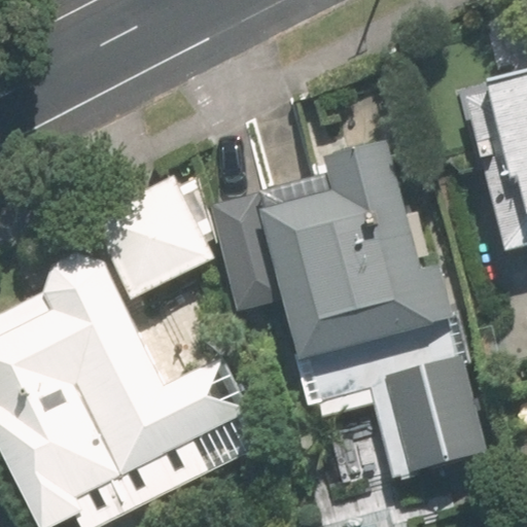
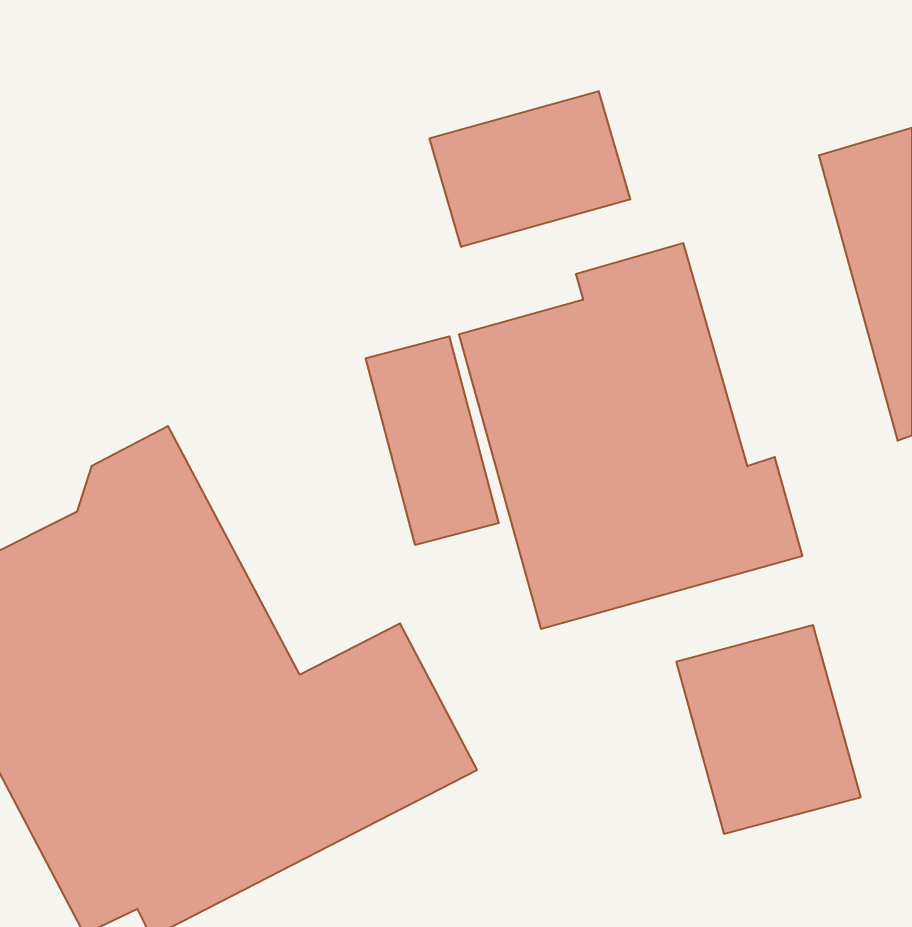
building: none -> [430,91,630,247]
building: [90,179,211,302] -> none

